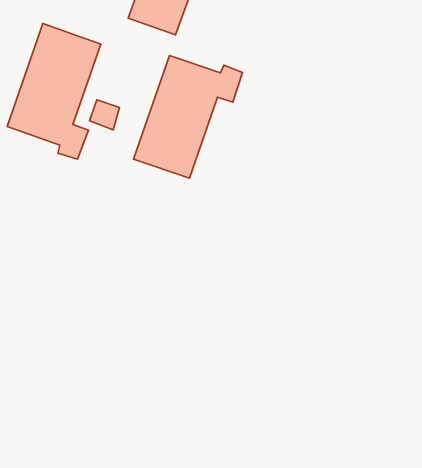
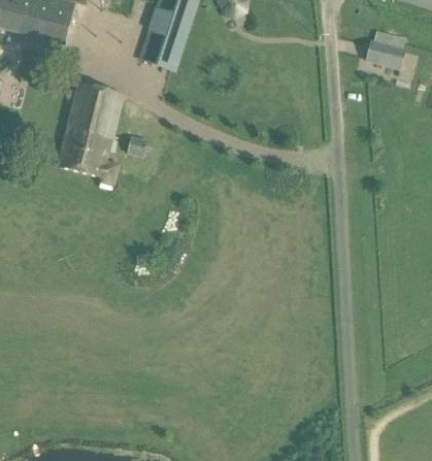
building: [133,55,242,178] -> none

